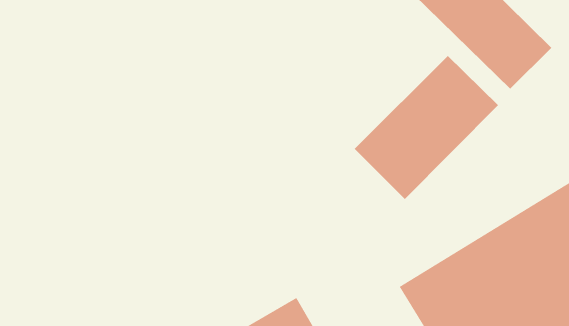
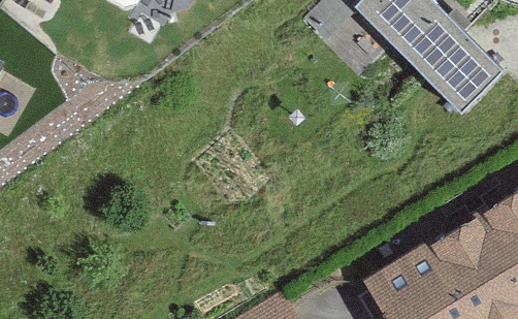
building: [354,55,499,200] -> none

